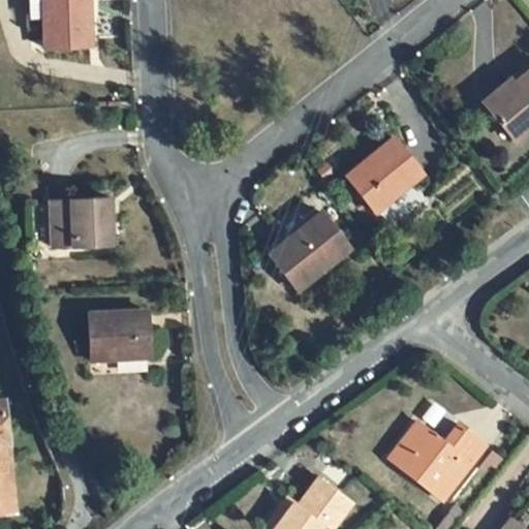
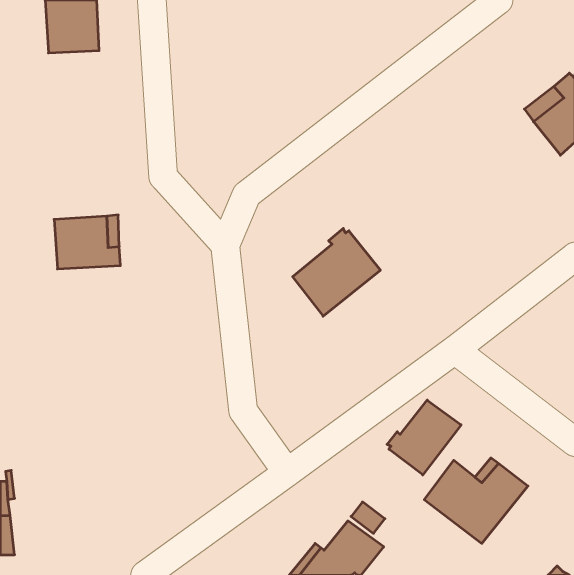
building: [347,137,423,211] -> none
building: [89,311,151,360] -> none
building: none -> [387,400,461,475]

